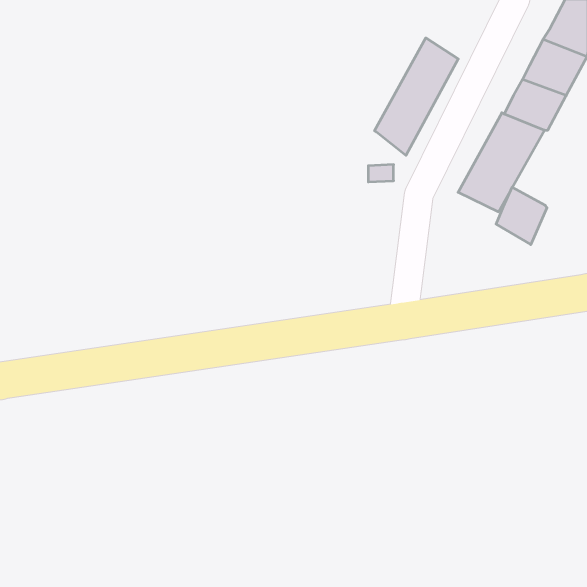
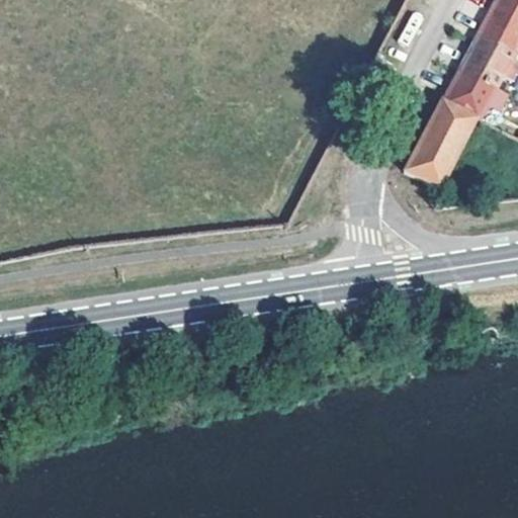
building: [375,38,458,155] -> none
building: [496,187,547,245] -> none

